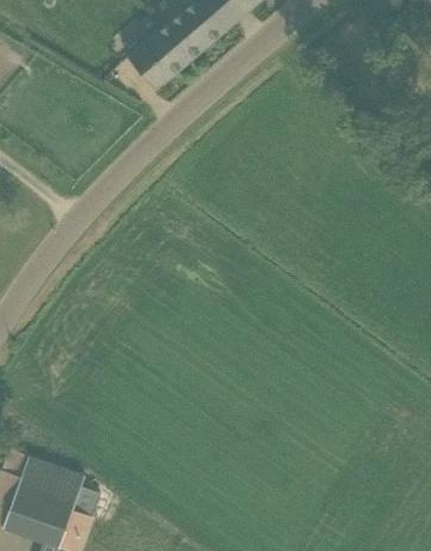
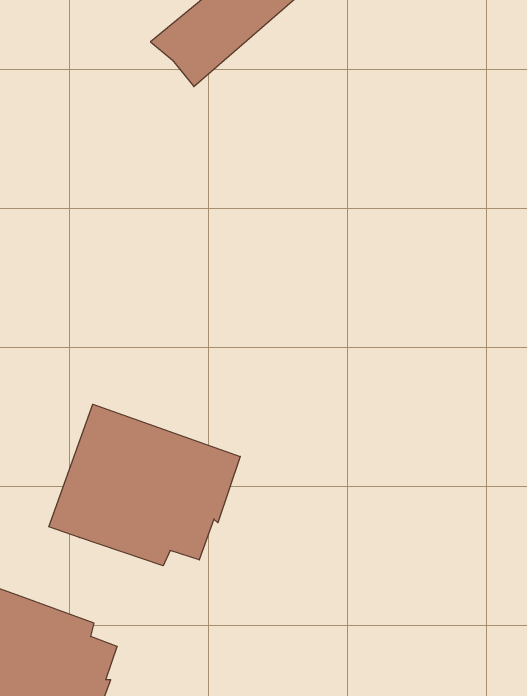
building: none -> [49,404,240,566]

